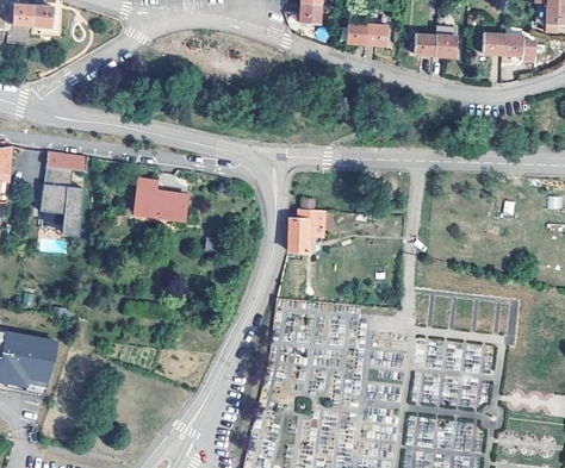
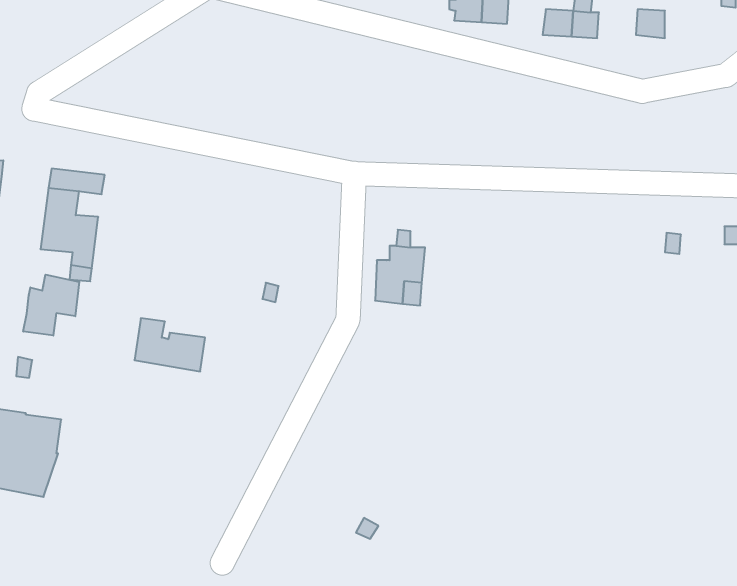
building: [503,36,535,63] -> none
building: [135,180,187,219] -> [134,318,205,371]
building: none -> [23,275,79,336]

